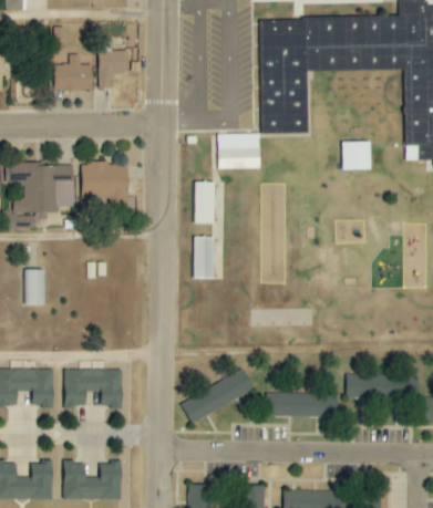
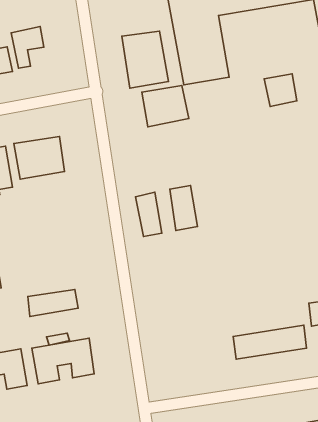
building: none -> [122,31,168,88]
building: [193,182,215,224] -> [170,186,198,230]
building: none -> [28,289,78,316]
building: [181,371,255,421] -> none

